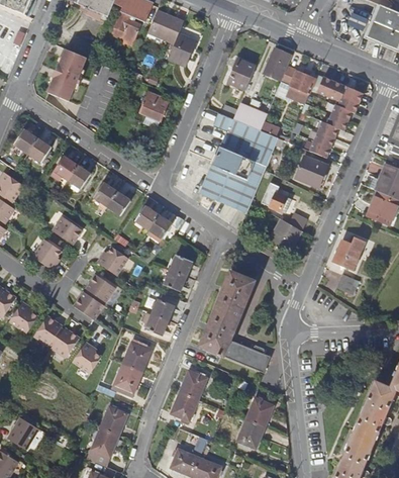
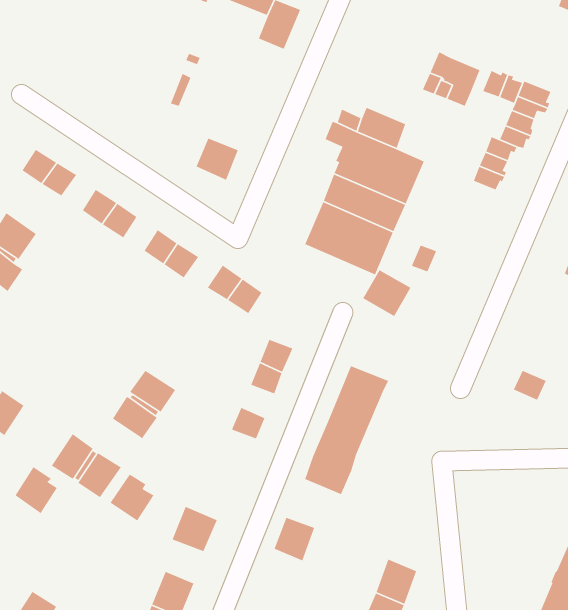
building: [263,46,290,80] -> none
building: [47,47,86,100] -> none
building: [227,59,255,89] -> none
building: [139,92,168,120] -> [196,138,239,181]
building: [295,156,326,187] -> none
building: [53,216,82,245] -> none
building: [269,218,301,250] -> [362,269,412,317]
building: [332,236,364,269] -> none
building: [32,238,61,269] -> none
building: [97,247,129,276] -> none
building: [9,301,37,332] -> [15,466,58,514]
building: [140,312,168,336] -> none
building: [223,340,270,372] -> none
building: [121,342,151,372] -> none
building: [170,391,198,420] -> none

